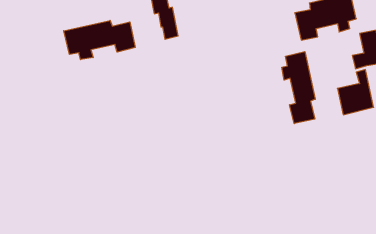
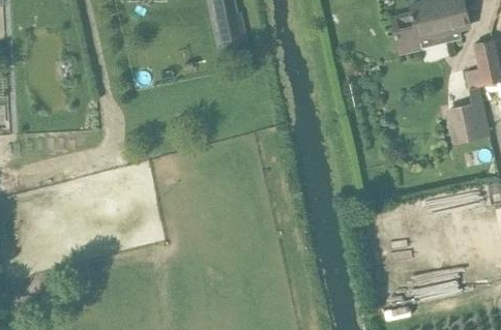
building: [64,20,135,60] -> none
building: [282,52,315,124] -> none

